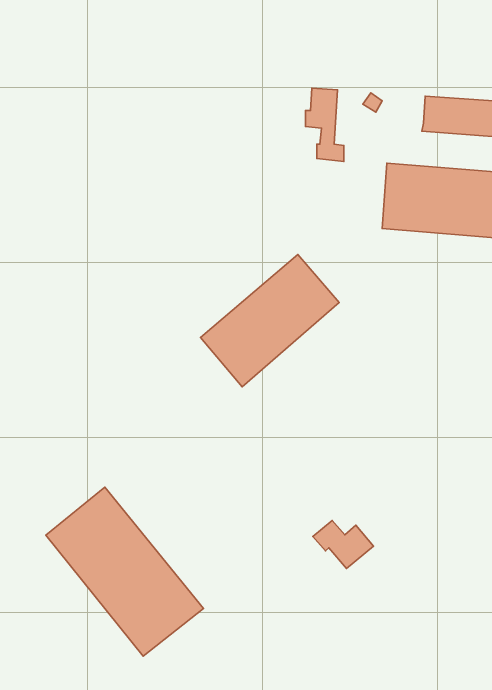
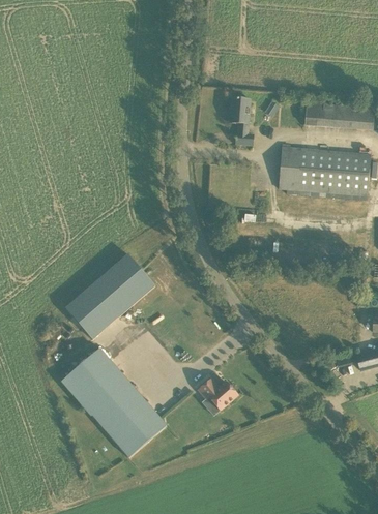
building: [201,254,339,387] -> [67,251,157,337]
building: [313,521,373,568] -> [192,381,231,412]

